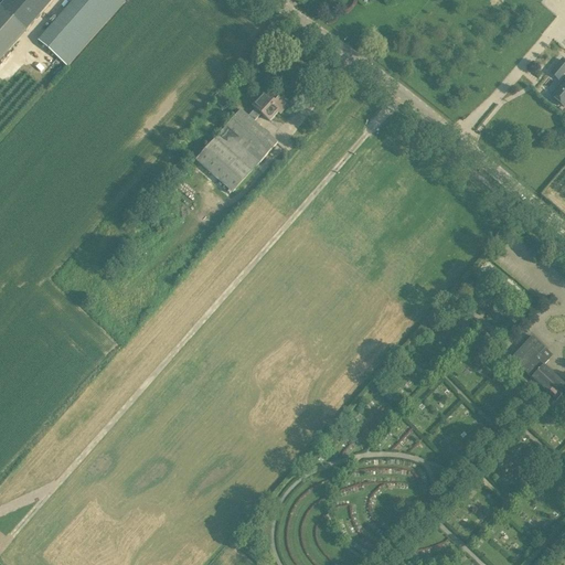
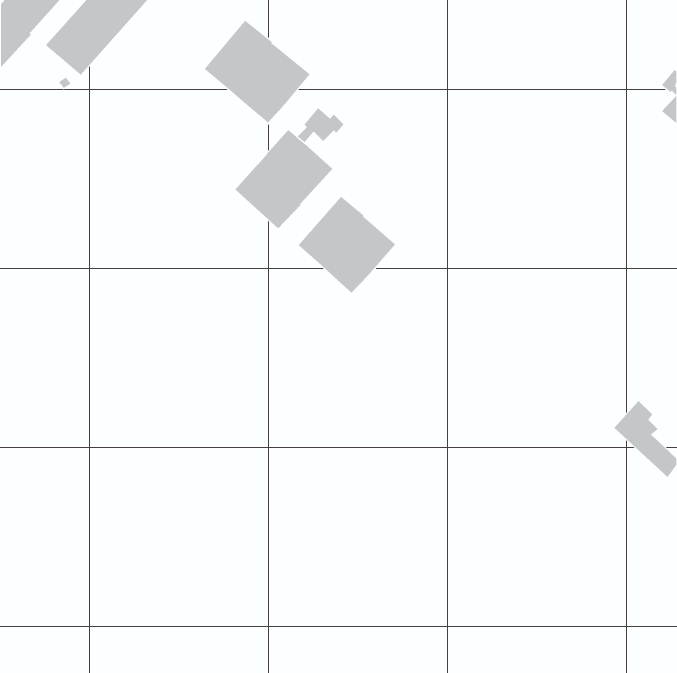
building: none -> [204,20,311,124]
building: none -> [298,196,397,294]

